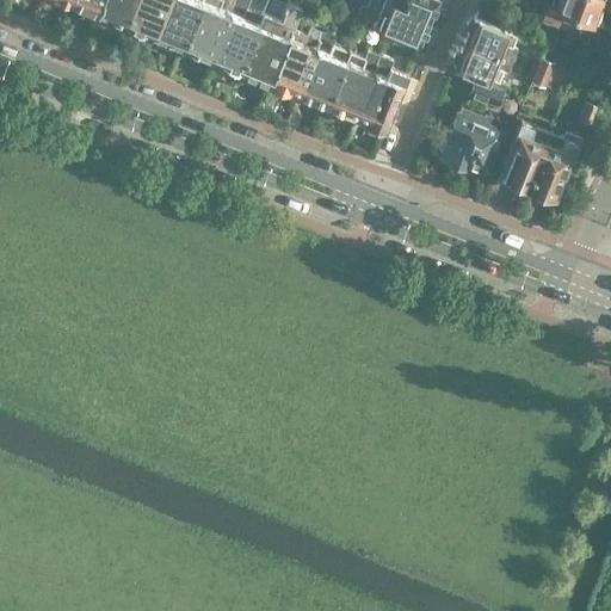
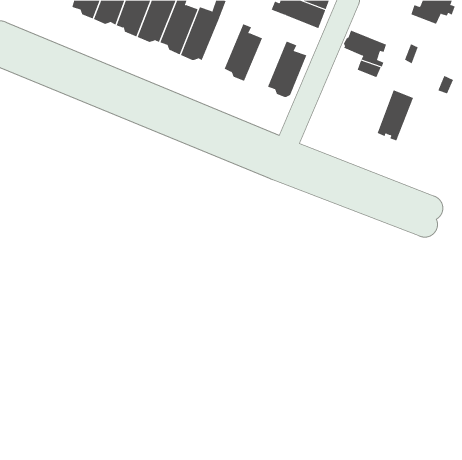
building: [463,18,519,62] -> none
building: [267,30,321,94] -> none
building: [323,53,378,118] -> none
building: [436,116,502,172] -> none
building: [524,132,584,198] -> none

